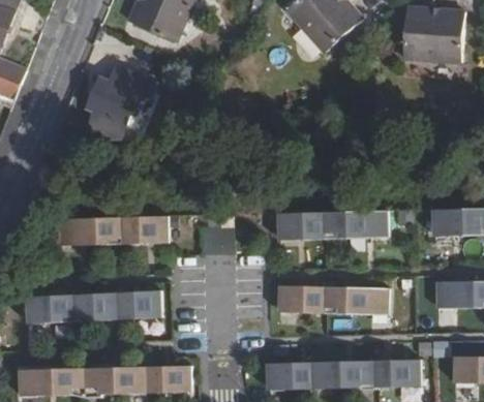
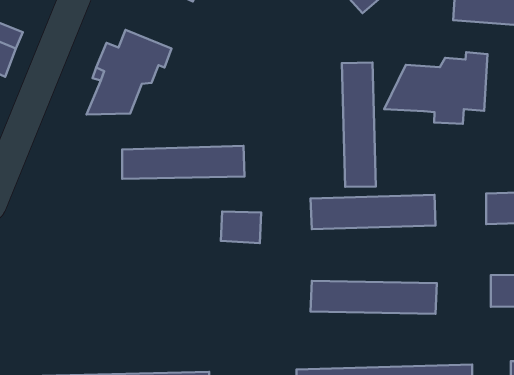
building: none -> [384,52,488,124]
building: none -> [342,63,376,187]
building: [60,217,168,246] -> [122,146,245,179]
building: [25,291,161,323] -> none

